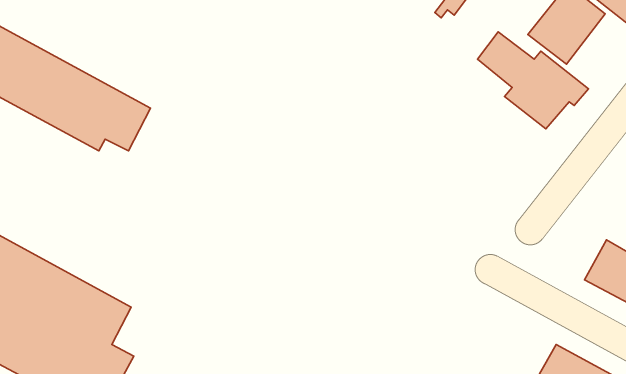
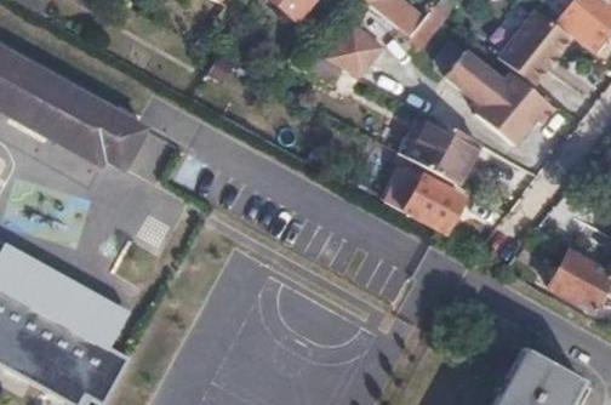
building: none -> [324,30,379,75]
building: none -> [407,114,479,183]
building: none -> [388,167,459,228]

